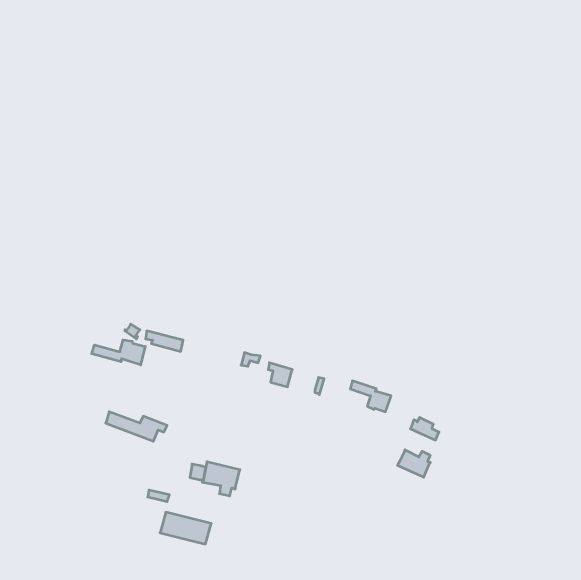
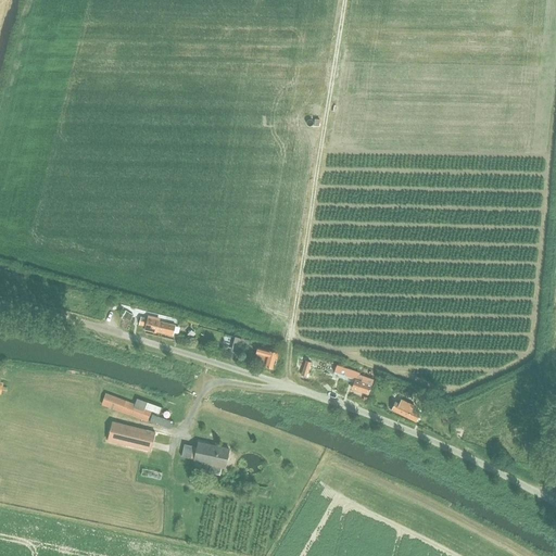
building: [92,340,145,365] -> none
building: [398,450,430,477] -> none
building: [160,512,211,544] -> [106,420,155,451]

